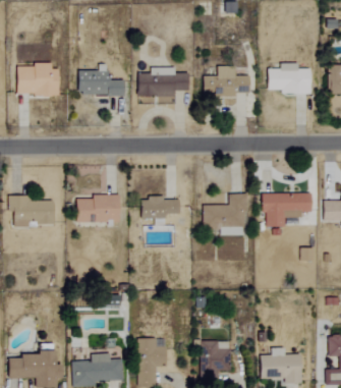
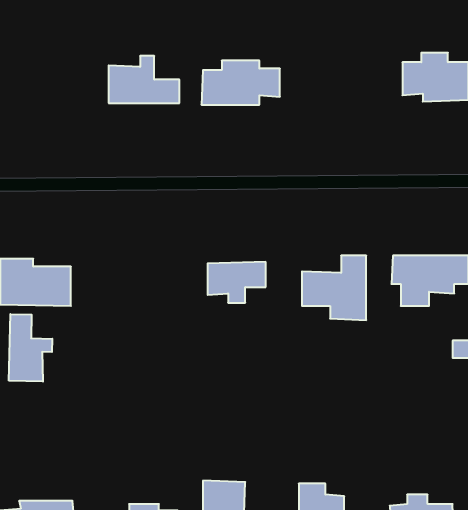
building: [17,62,59,95] -> none
building: [205,67,250,95] -> none
building: [76,195,119,223] -> none
building: none -> [9,314,52,382]

